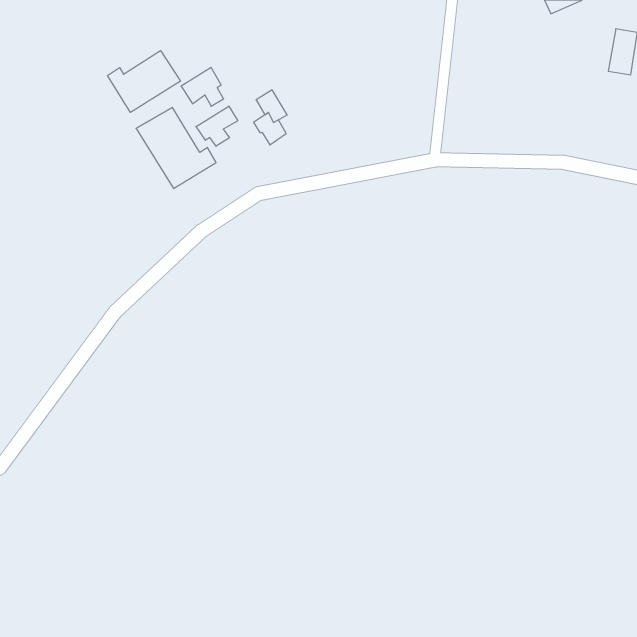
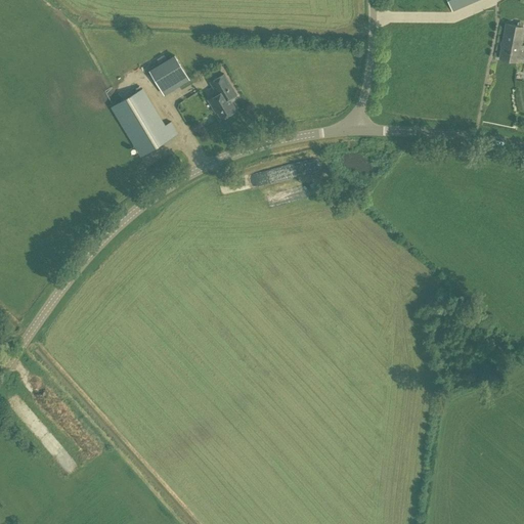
building: [107,51,181,112] -> none
building: [196,106,238,146] -> none

